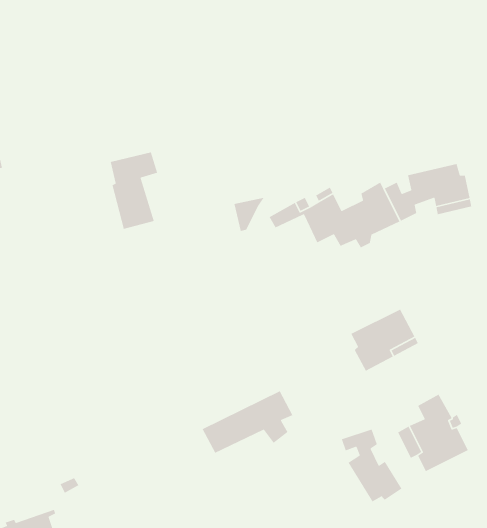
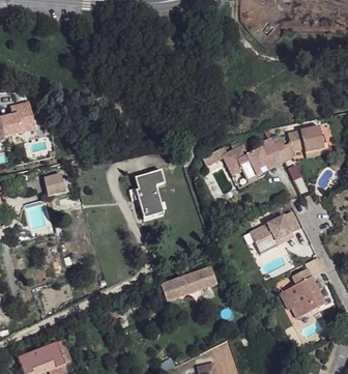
building: [110,151,158,230] -> [137,170,167,219]
building: none -> [46,174,71,196]
building: [341,428,403,502] -> none

